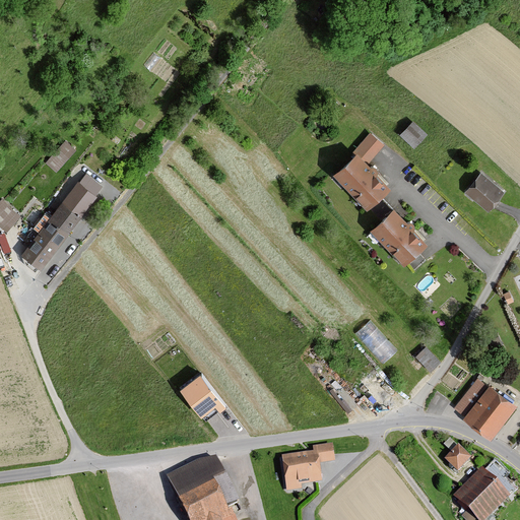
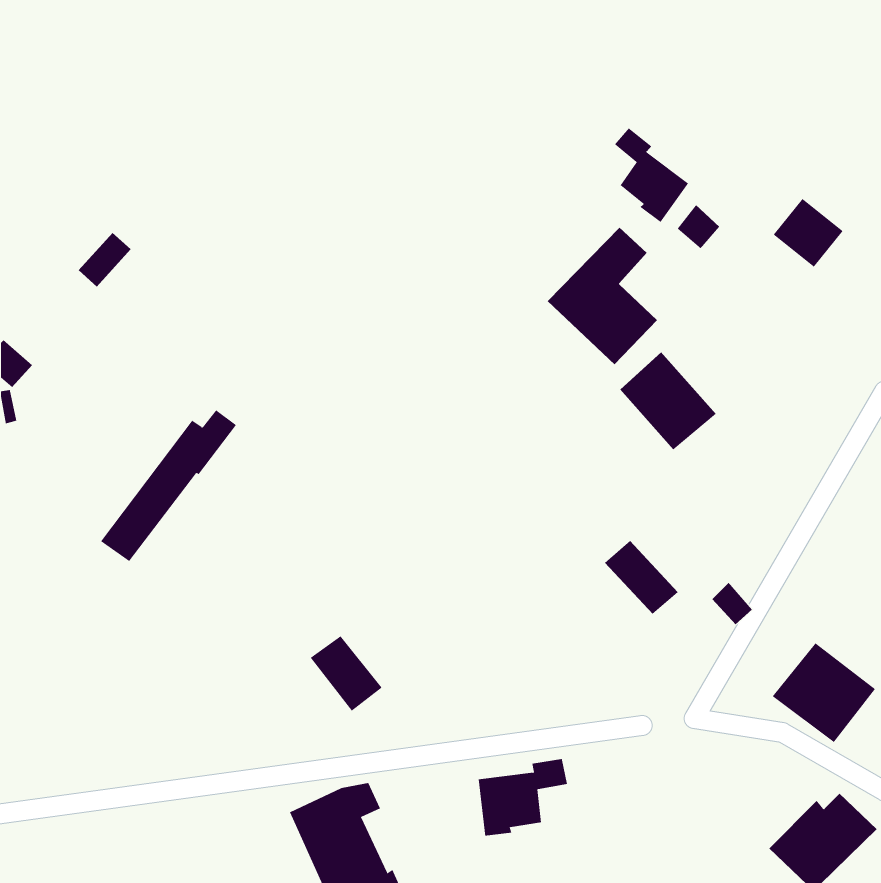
building: none -> [614,127,689,223]
building: [462,172,504,212] -> [773,198,844,267]
building: [25,176,106,265] -> [100,410,237,562]
building: [445,447,472,474] -> none

